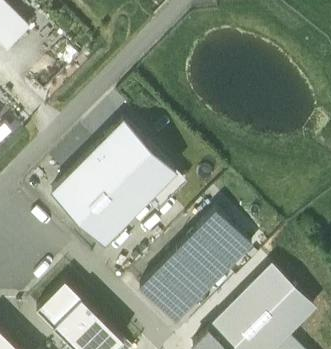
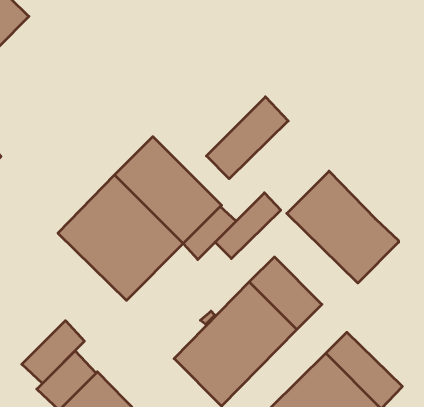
building: none -> [206,97,288,179]
building: none -> [287,171,399,283]
building: none -> [215,193,281,259]
building: none -> [22,321,84,383]

